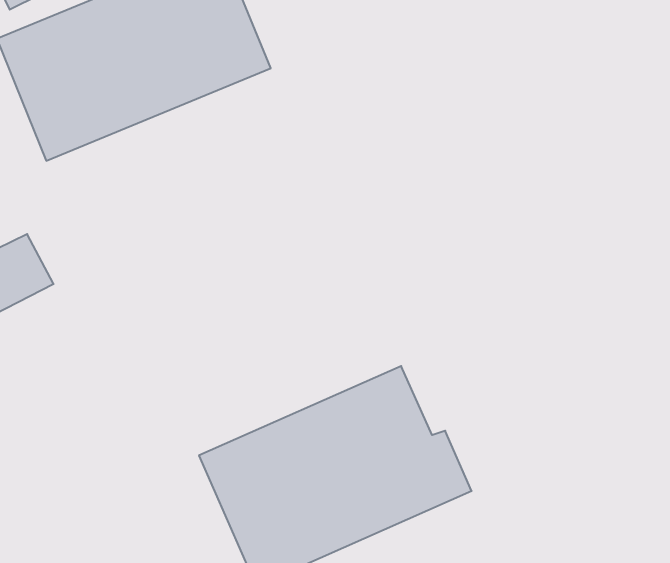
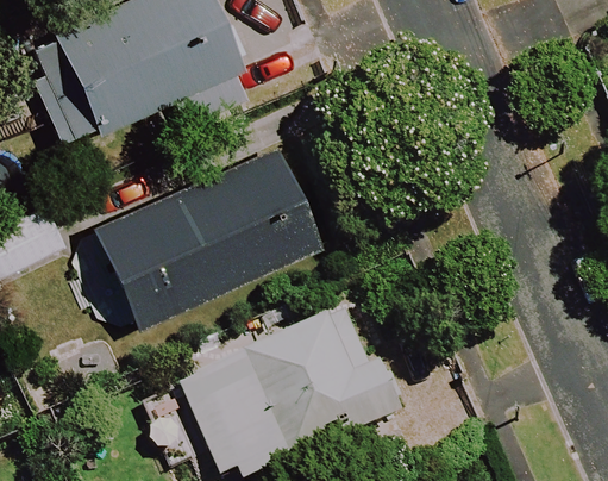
building: none -> [111,140,319,316]

